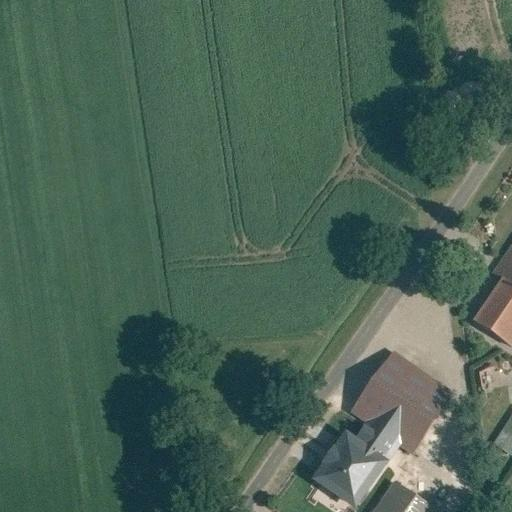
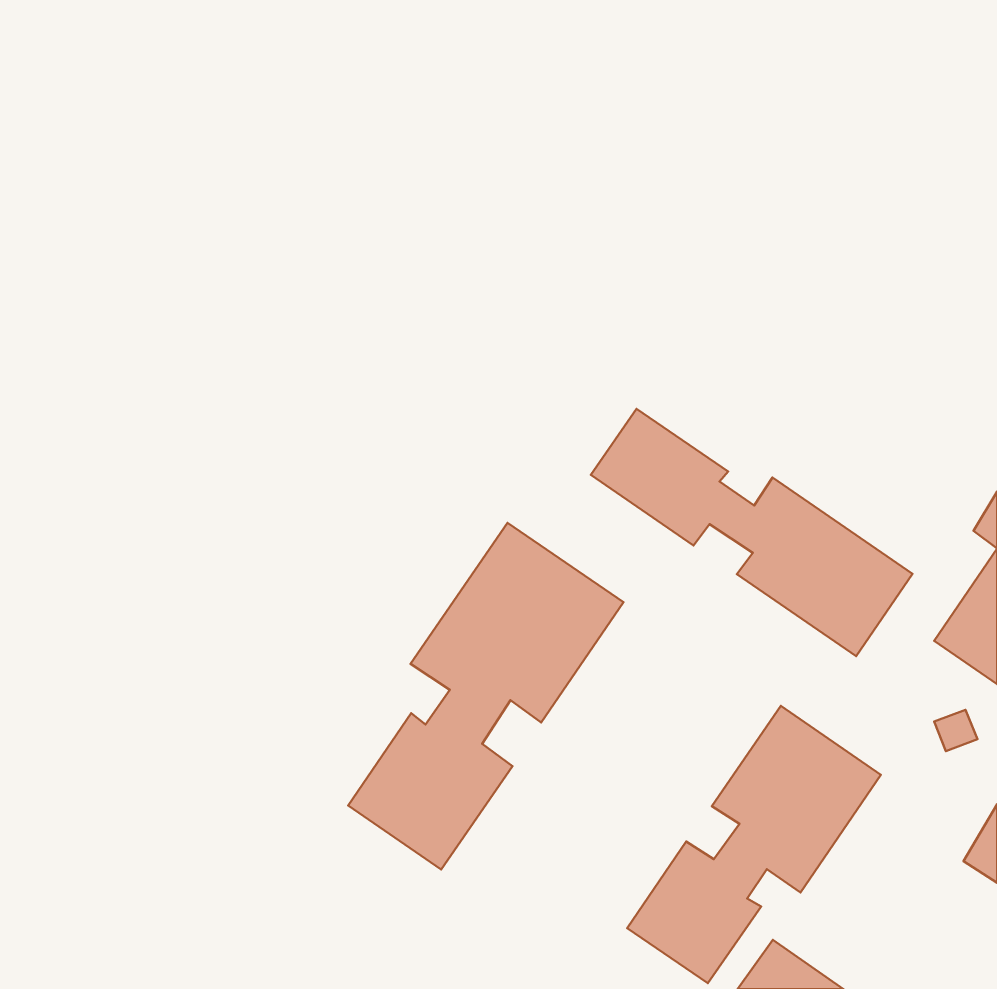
building: none -> [591,409,913,656]
building: none -> [348,523,624,869]

